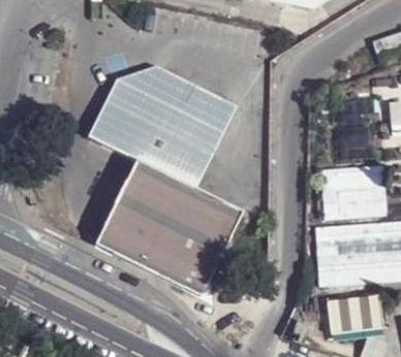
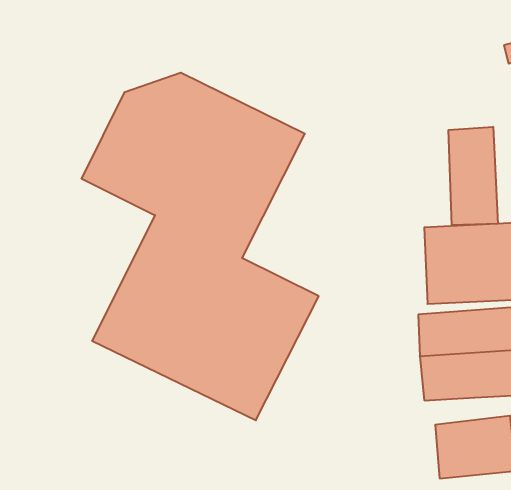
building: none -> [449,127,498,225]

